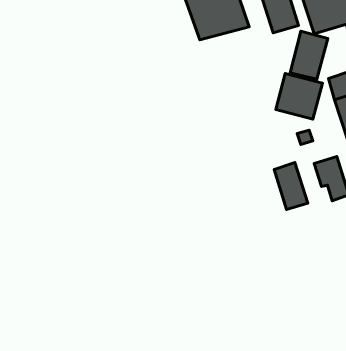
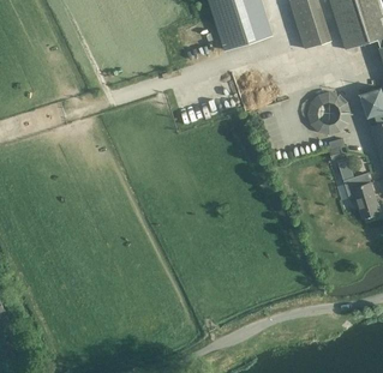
building: [290,31,328,79] -> none
building: [274,163,308,210] -> none

